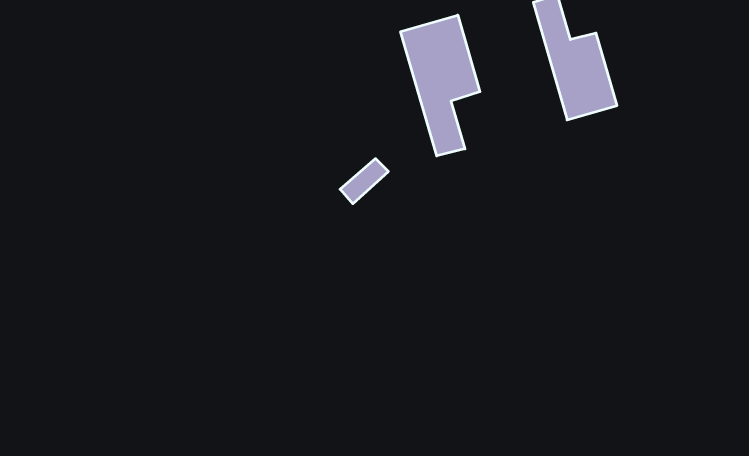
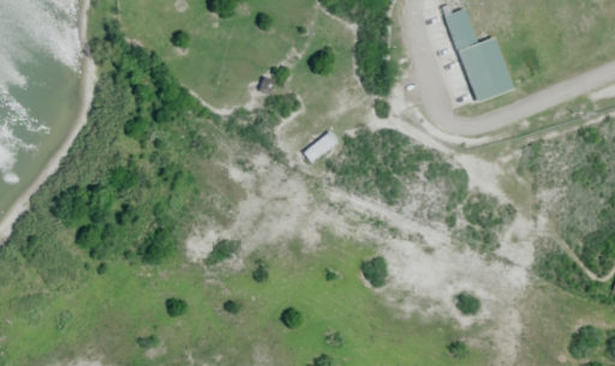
building: [401,15,480,156] -> none

